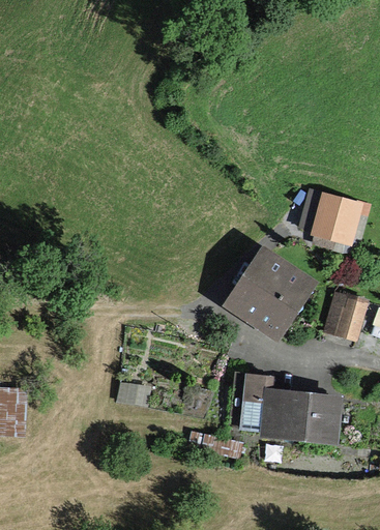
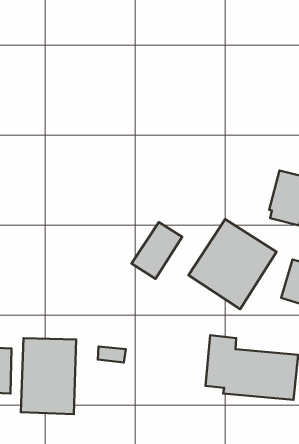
building: none -> [132,222,182,279]
building: none -> [21,338,76,414]

